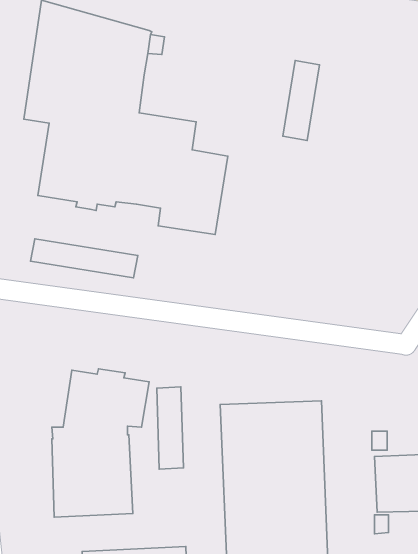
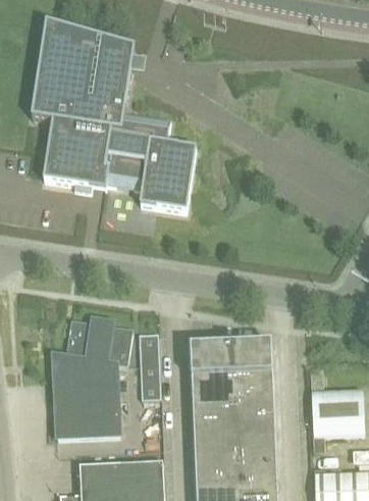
building: [283,60,319,141] -> none
building: [31,239,138,278] -> none

